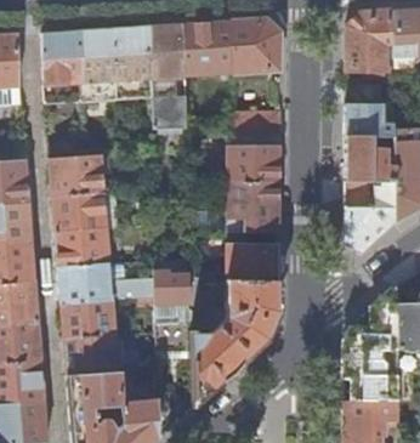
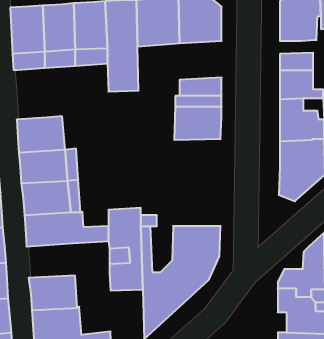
building: [188,181,279,231] -> none
building: [226,243,279,279] -> none
building: [61,299,115,337] -> none

